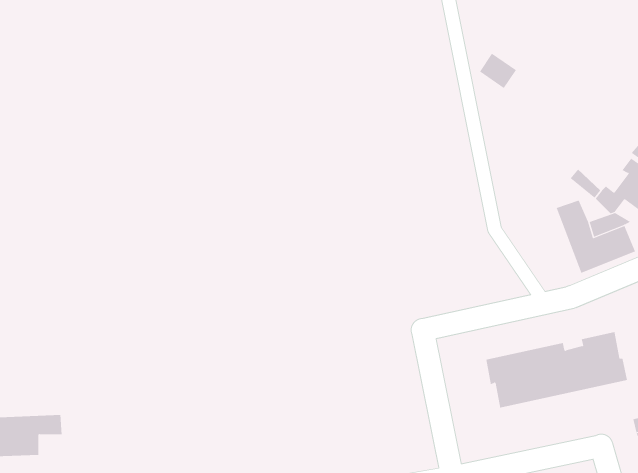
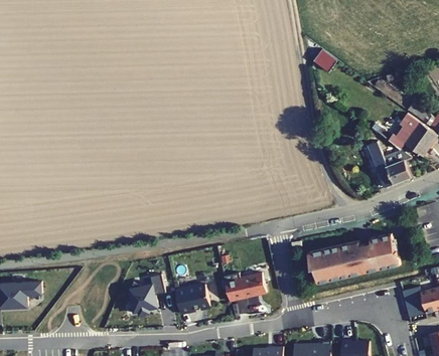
building: none -> [226,274,267,304]
building: none -> [127,275,165,315]
building: none -> [174,284,208,314]

